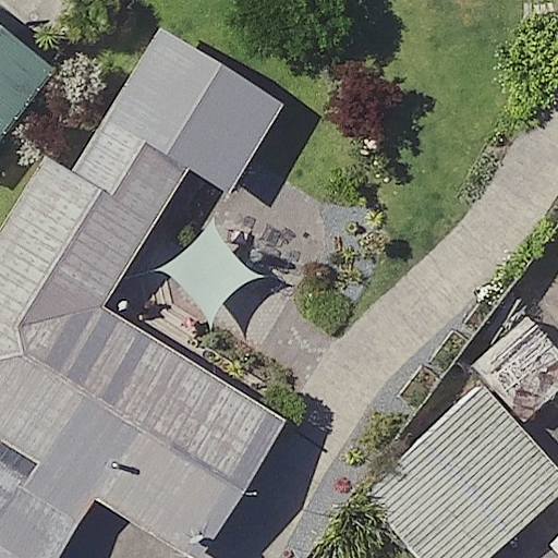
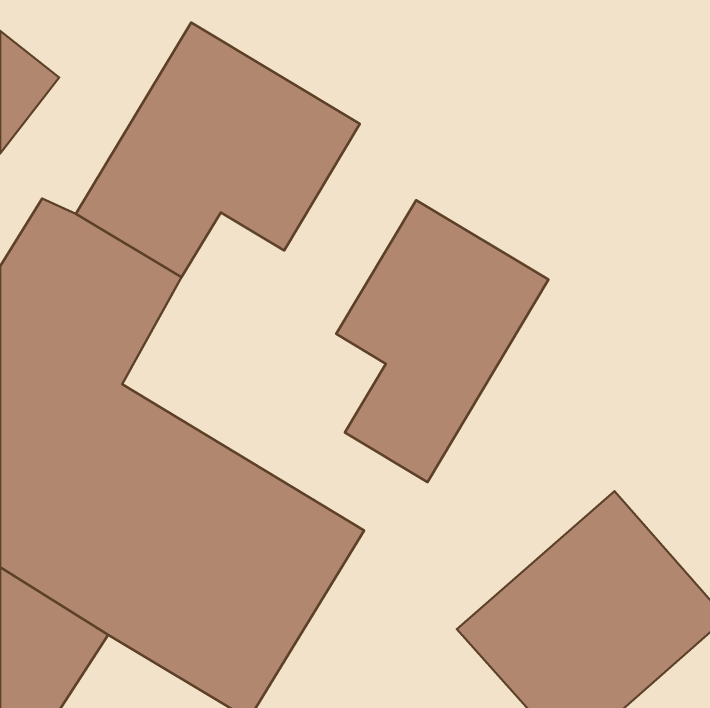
building: none -> [336,200,548,482]

